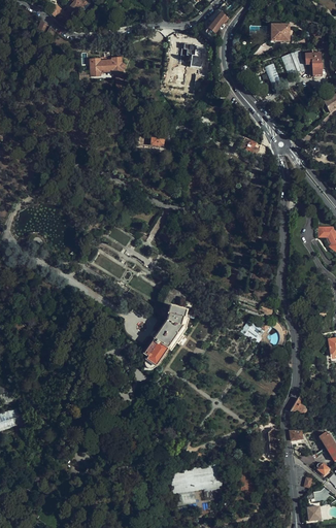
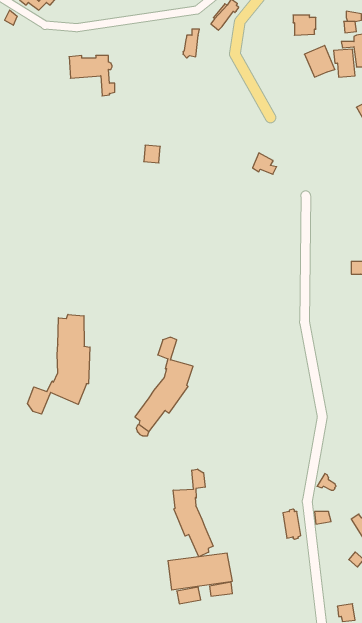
building: none -> [27,314,90,414]
building: none -> [173,469,213,557]

